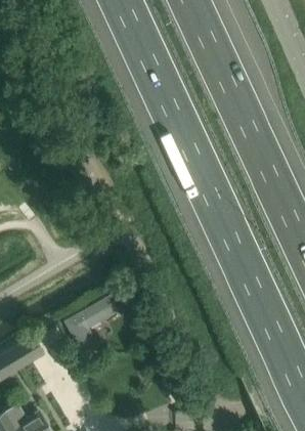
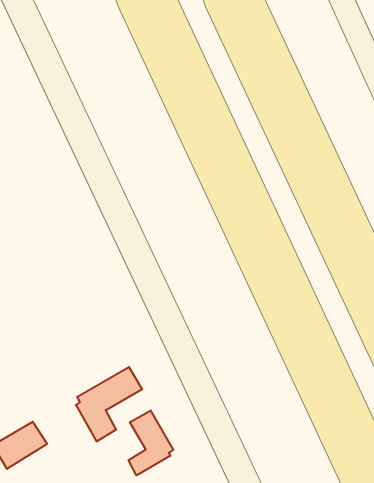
building: none -> [128,410,173,475]

